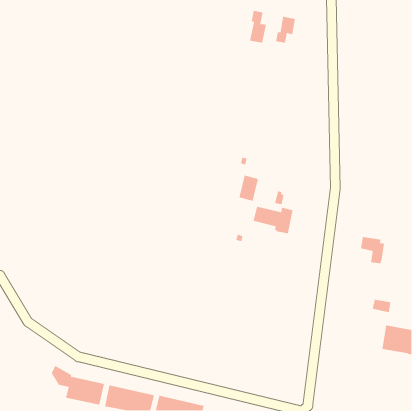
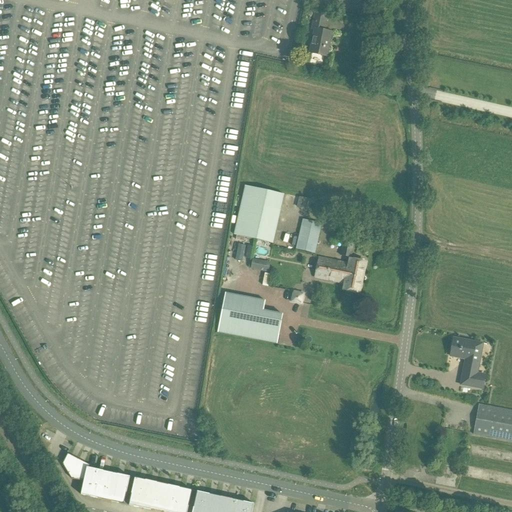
building: [275,16,296,44] -> none
building: none -> [234,184,284,242]
building: none -> [218,291,282,342]
building: [360,236,385,264] -> [451,337,482,372]

